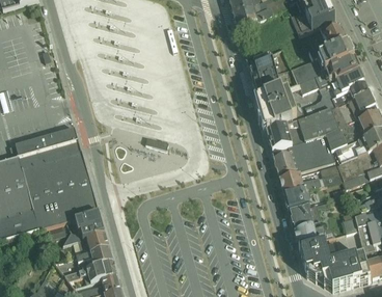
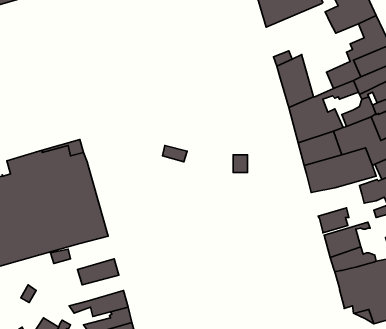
building: [280,173,325,195] -> none
building: [63,213,105,244] -> none
building: [77,247,113,270] -> none

